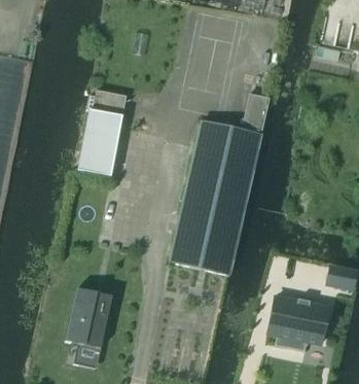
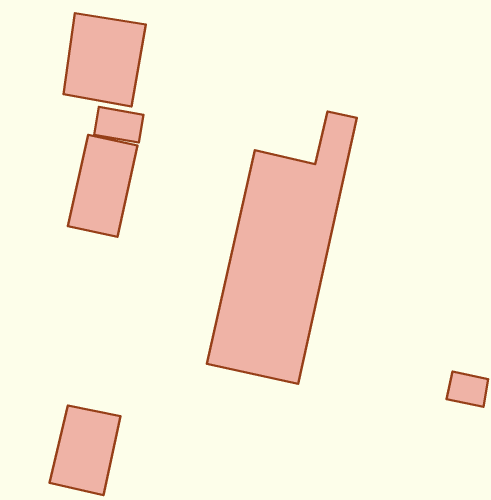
building: none -> [63,13,146,106]
building: [274,300,327,345] -> none

